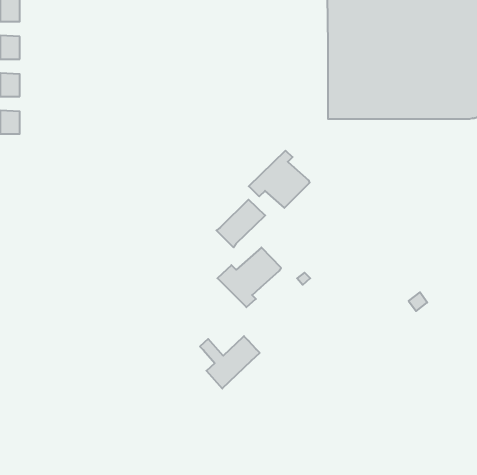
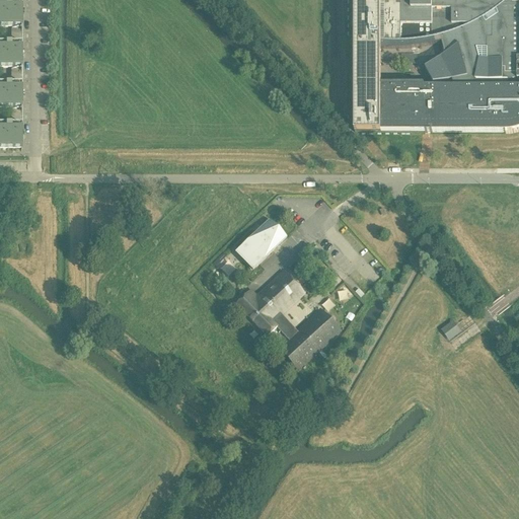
building: [249,151,310,208] -> none
building: [200,336,260,389] -> [275,308,340,365]

